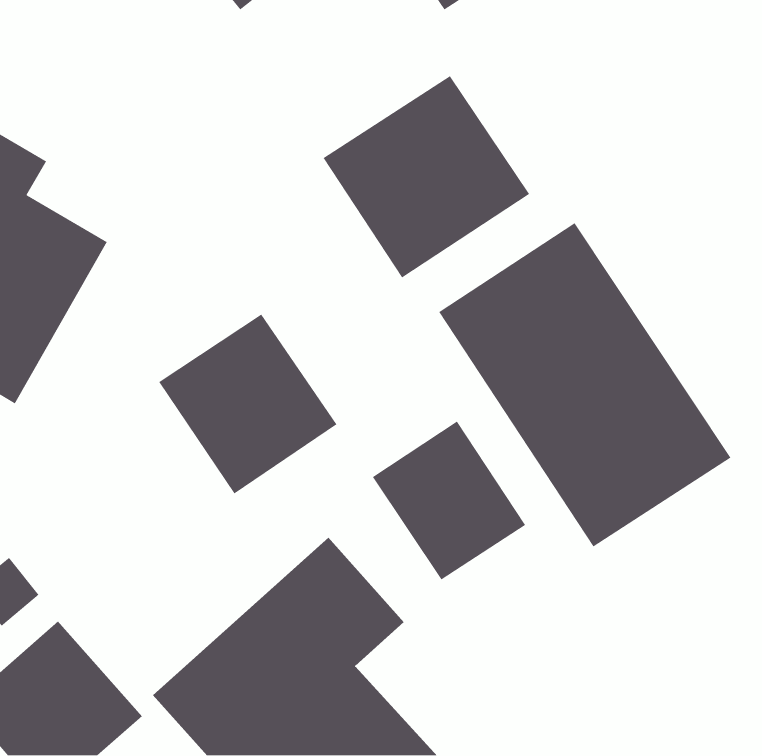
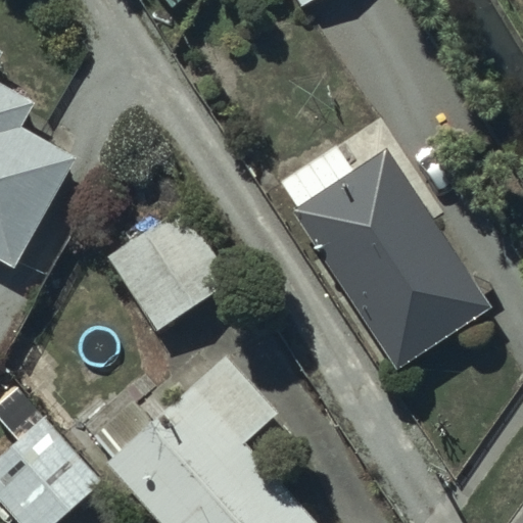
building: [322,75,530,279] -> none
building: [372,420,526,580] -> none

